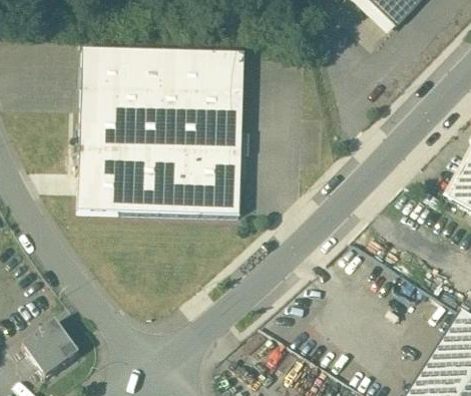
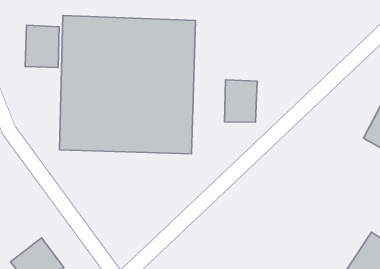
building: none -> [25,25,59,67]
building: none -> [224,80,257,122]

